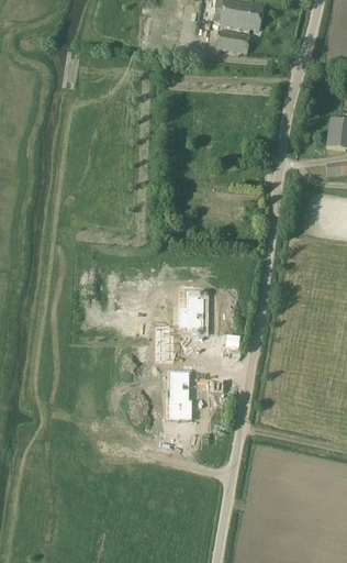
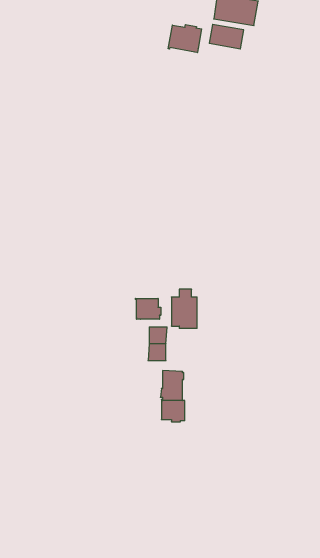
building: none -> [168,25,202,53]
building: none -> [135,298,161,319]

